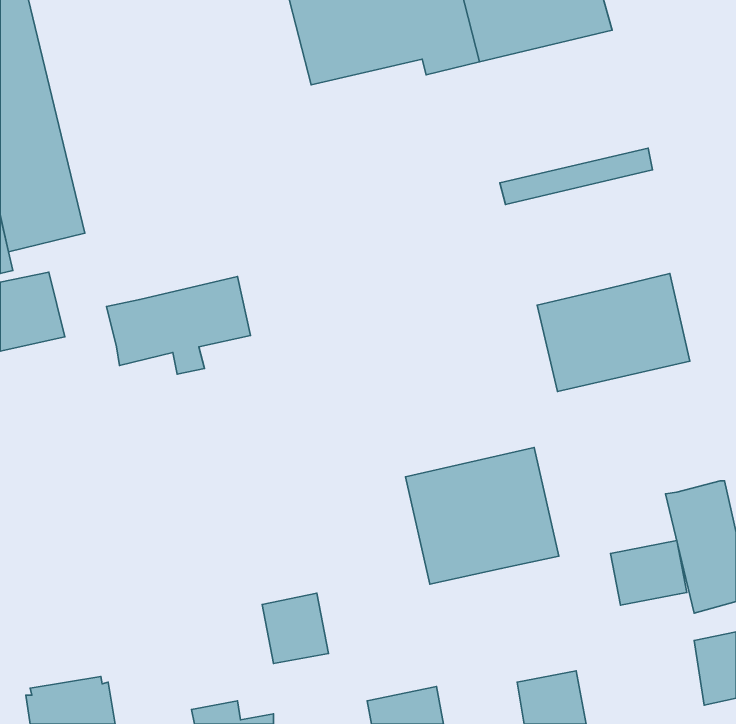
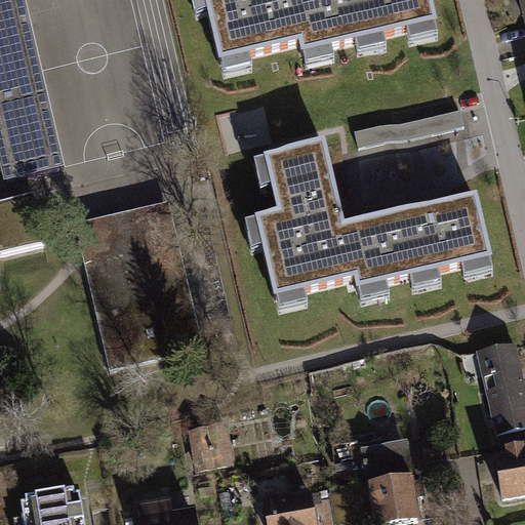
building: none -> [258,143,397,296]
building: none -> [85,239,203,365]
building: [406,447,559,584] -> none
building: [610,541,687,605] -> [361,440,415,486]

